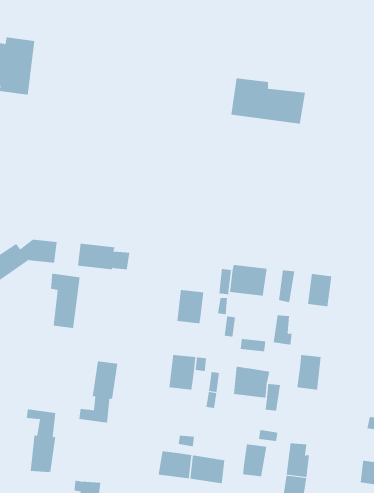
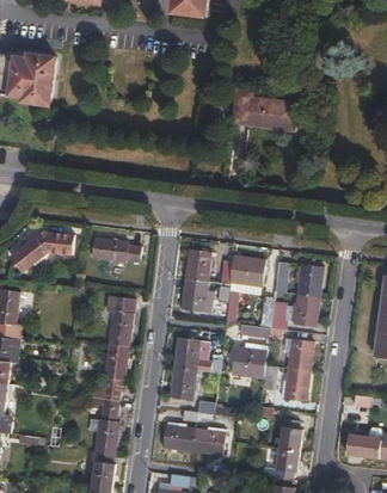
building: none -> [185,251,210,282]
building: [50,273,80,329] -> [108,296,135,346]
building: none -> [296,292,319,323]
building: none -> [171,368,196,398]
building: [26,409,56,474] -> [92,396,119,455]
building: [242,444,267,477] -> [287,368,309,398]

